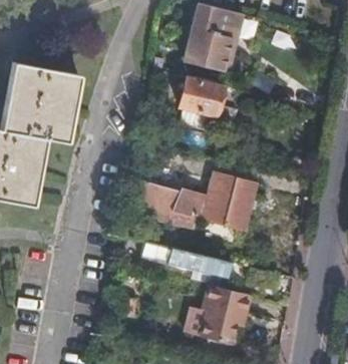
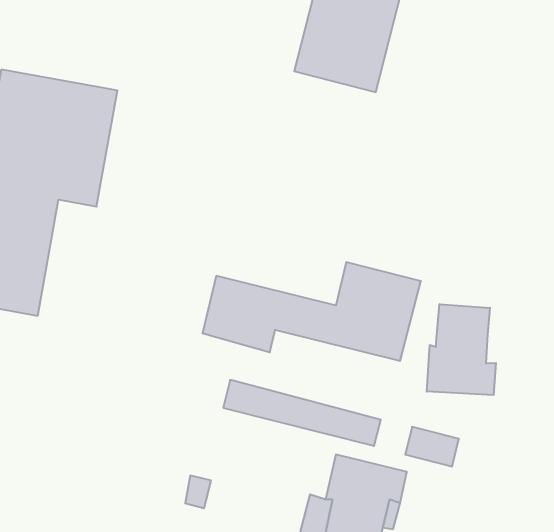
building: [179,79,223,117] -> none
building: none -> [427,304,496,395]

